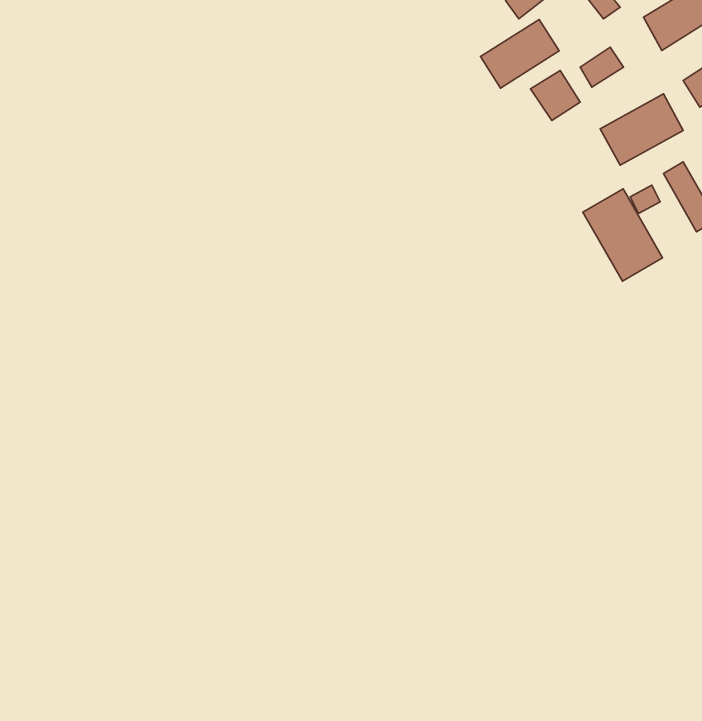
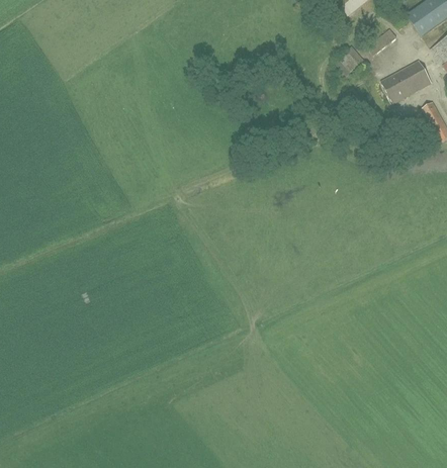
building: [480,20,559,88] -> none
building: [583,189,663,281] -> none

